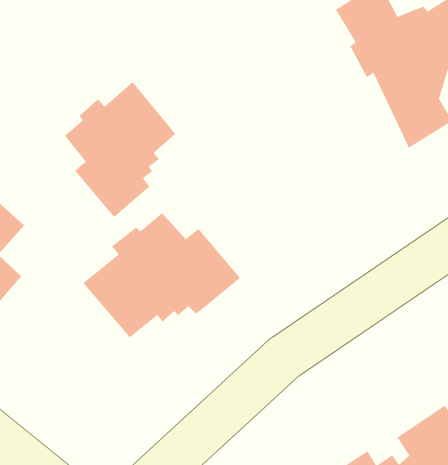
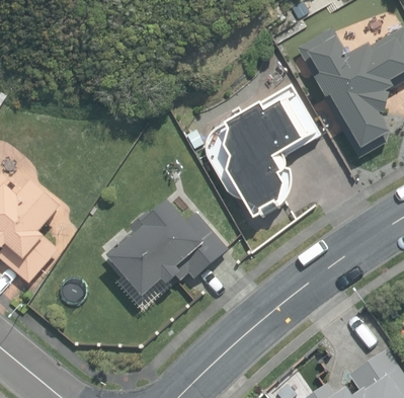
building: none -> [207,86,320,219]
building: [64,81,176,218] -> none

